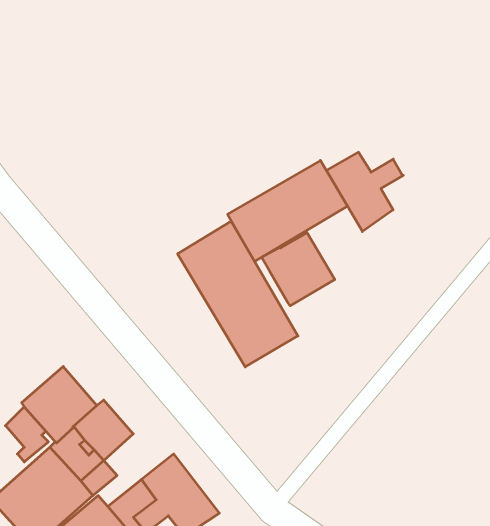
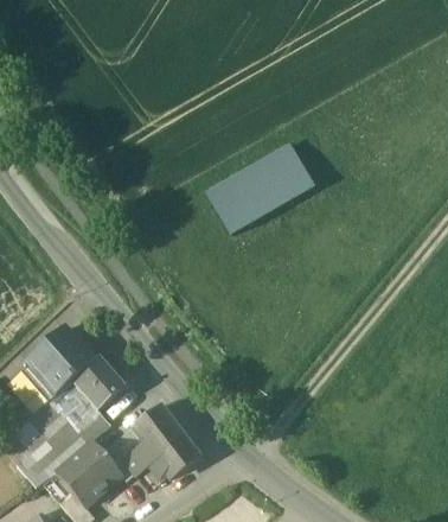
building: [326,152,403,232] -> none
building: [178,221,298,367] -> none
building: [262,233,335,306] -> none

